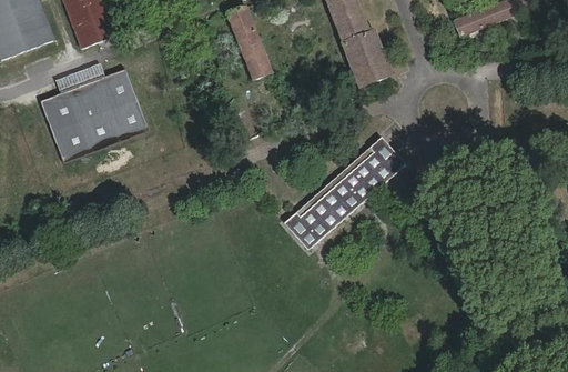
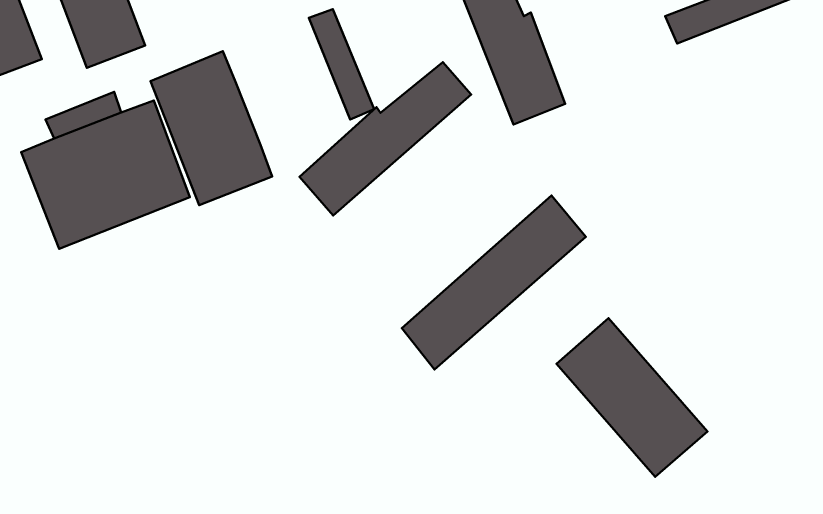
building: none -> [151,51,272,205]
building: none -> [299,62,471,215]
building: none -> [556,318,707,477]

